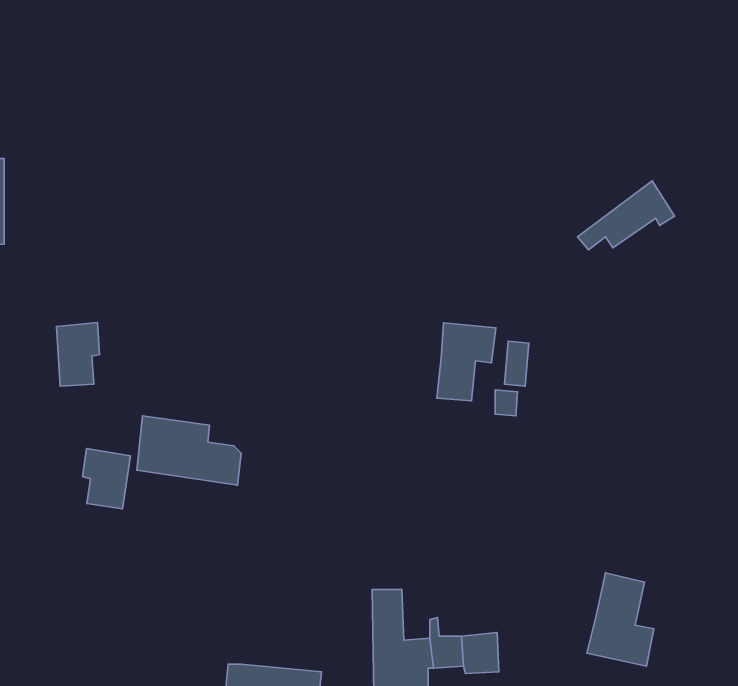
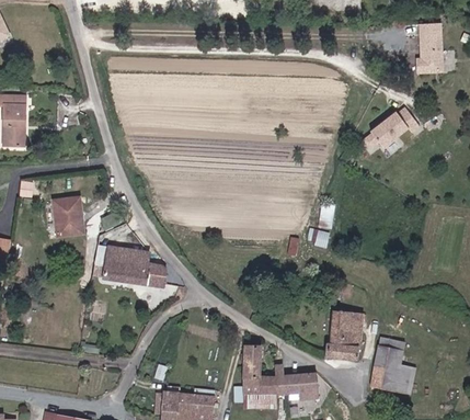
building: none -> [419,22,445,68]
building: [437,323,496,401] -> none
building: [83,448,130,509] -> none
building: none -> [324,308,362,359]

